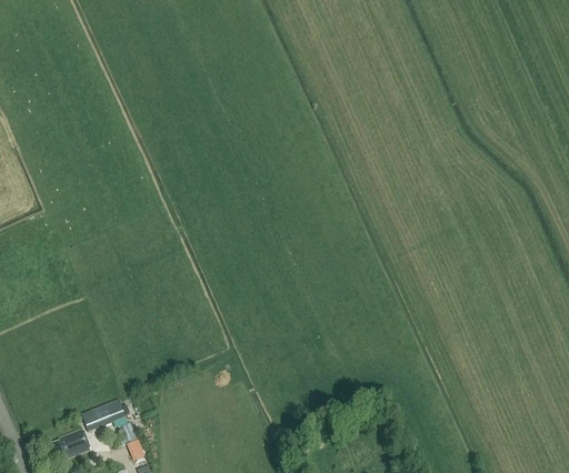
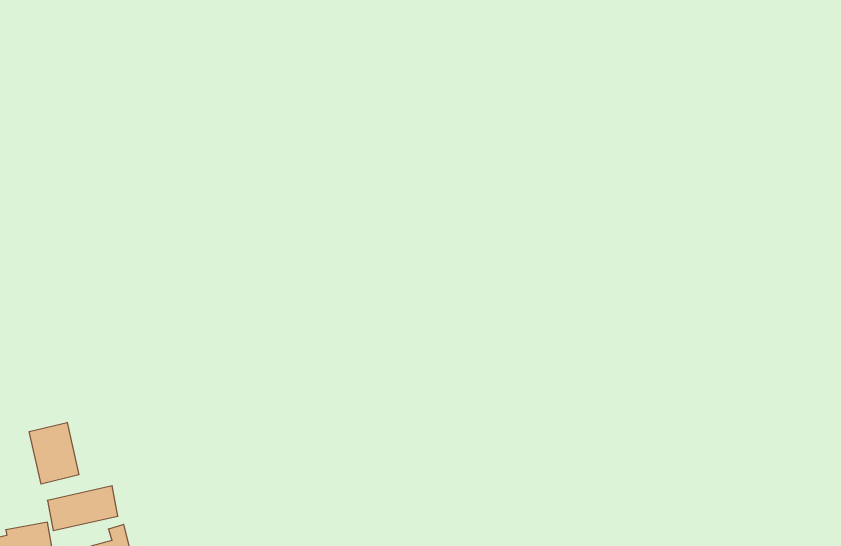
building: none -> [29,422,79,484]

